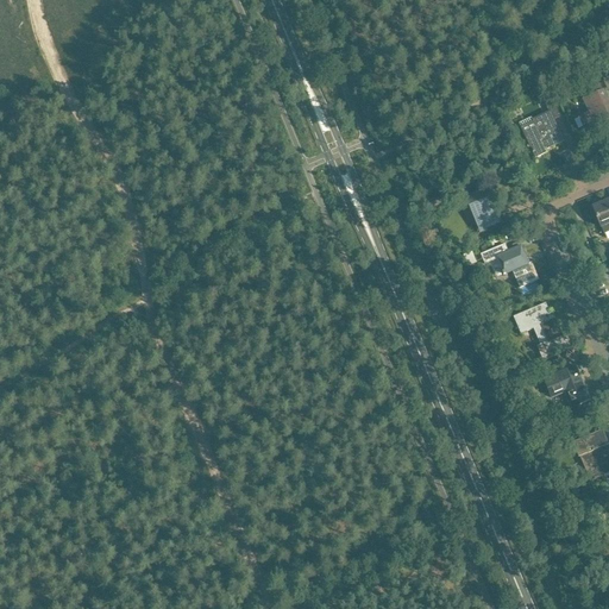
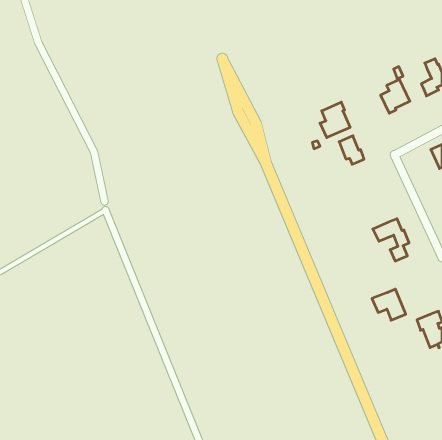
building: none -> [320,102,350,138]
building: [481,243,539,285] -> none
building: [544,364,590,407] -> [372,289,406,320]

